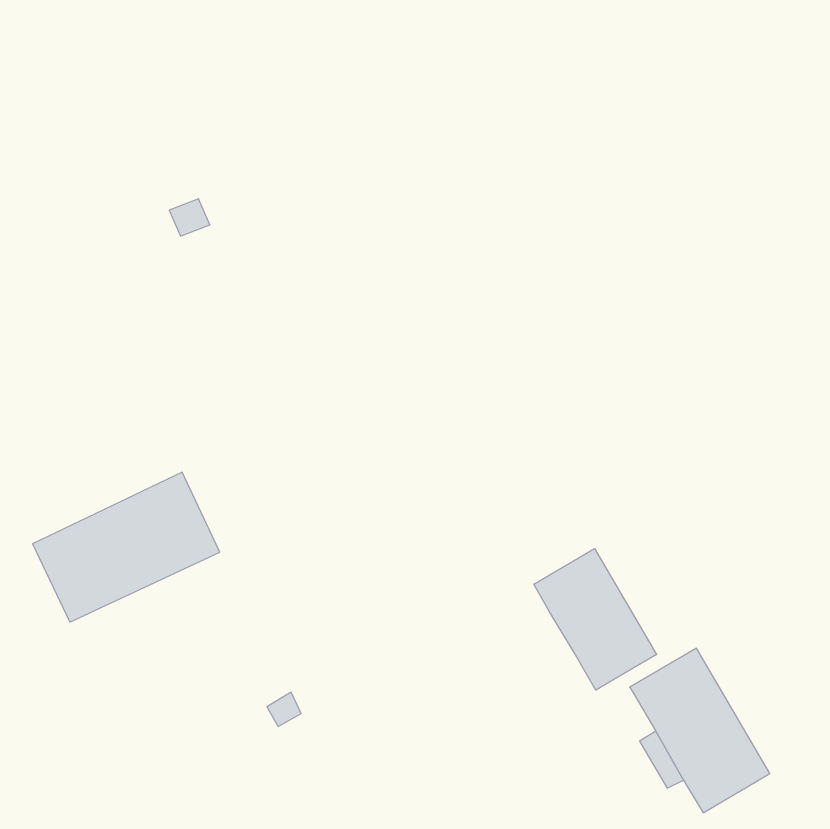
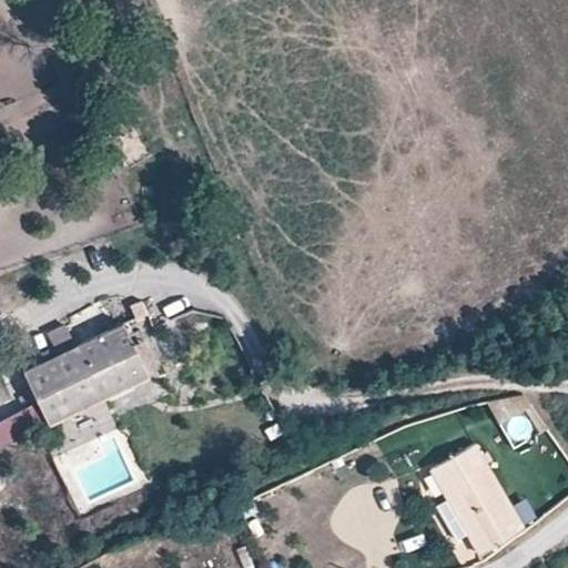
building: [534,549,657,690] -> none

